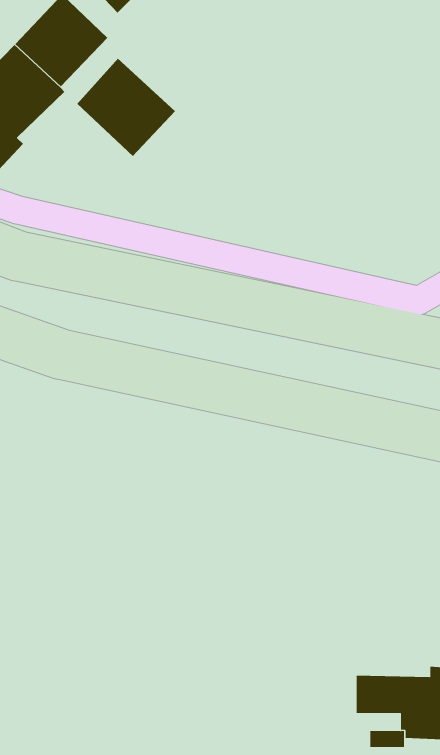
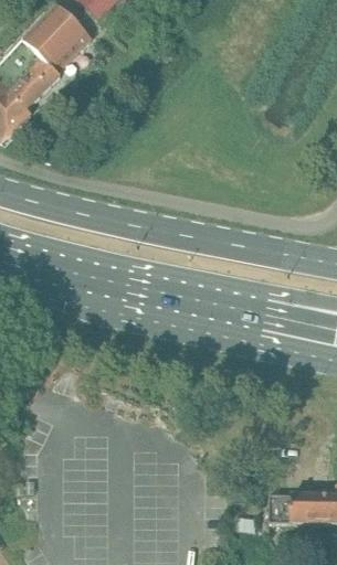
building: [77,58,176,157] -> none

